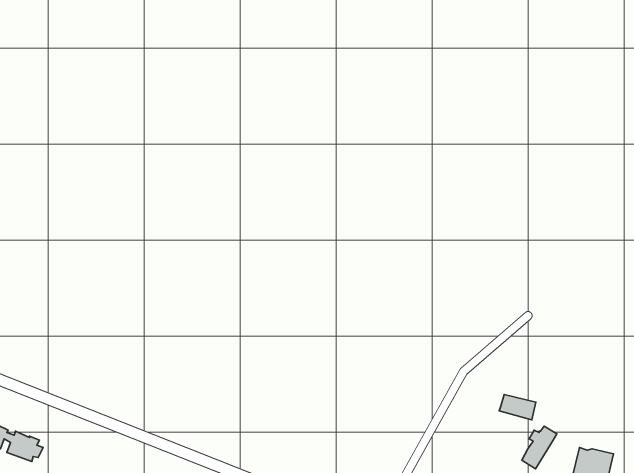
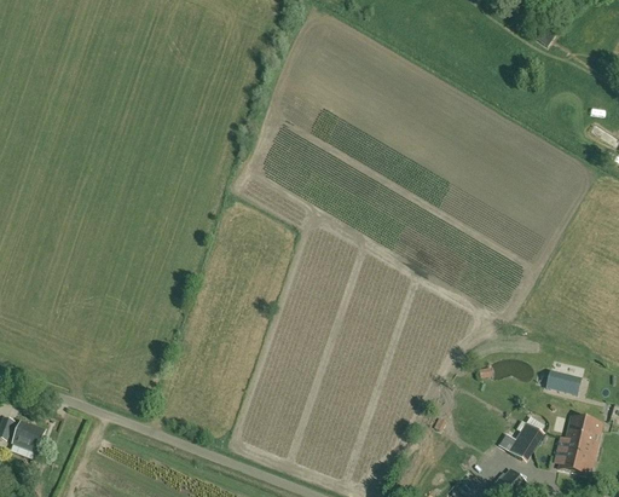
building: [499,395,536,420] -> [545,370,580,394]
building: none -> [563,414,602,443]

